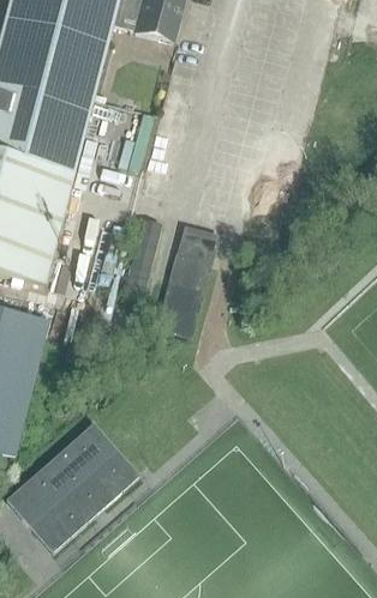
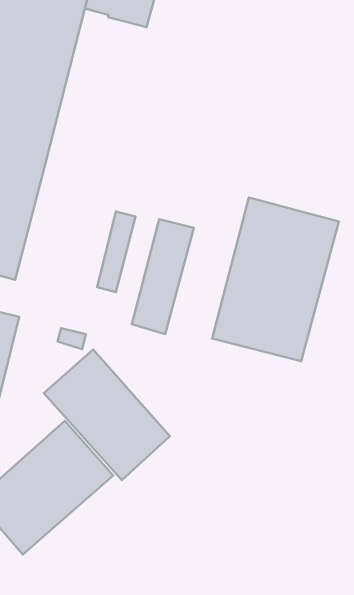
building: none -> [212,198,339,361]
building: none -> [44,349,170,480]

